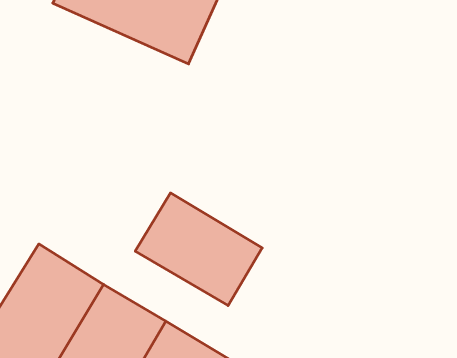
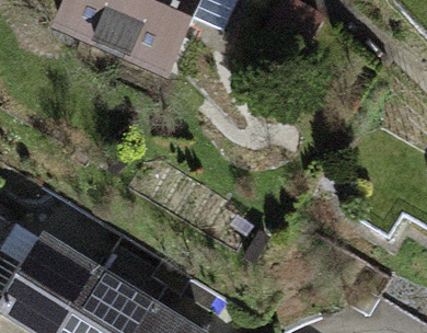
building: [135,193,262,306] -> none

